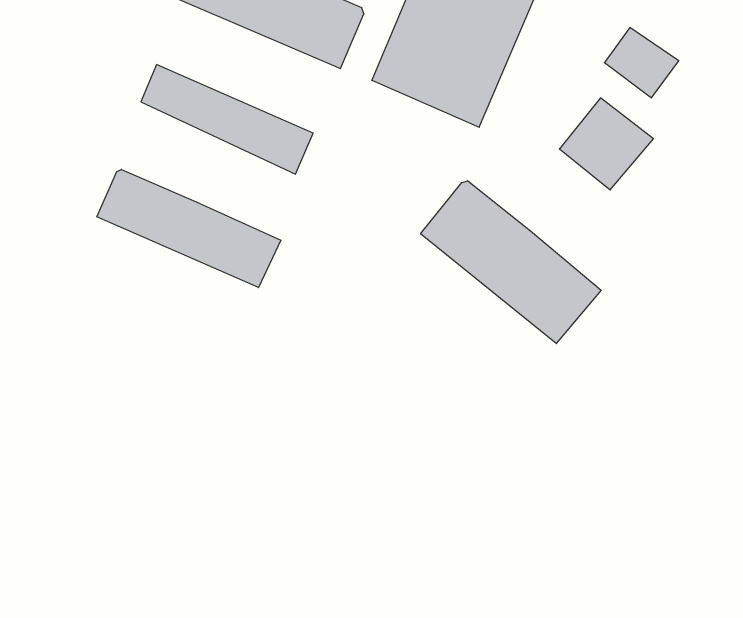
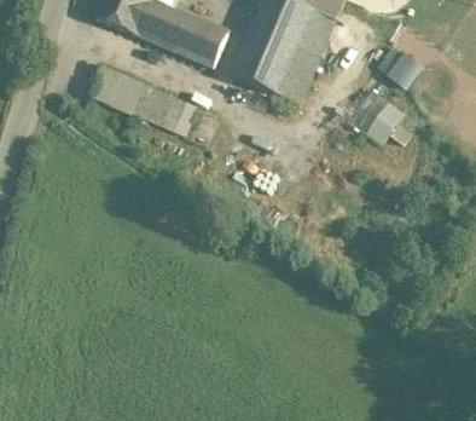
building: [97,169,281,288] -> none
building: [421,181,601,344] -> none

